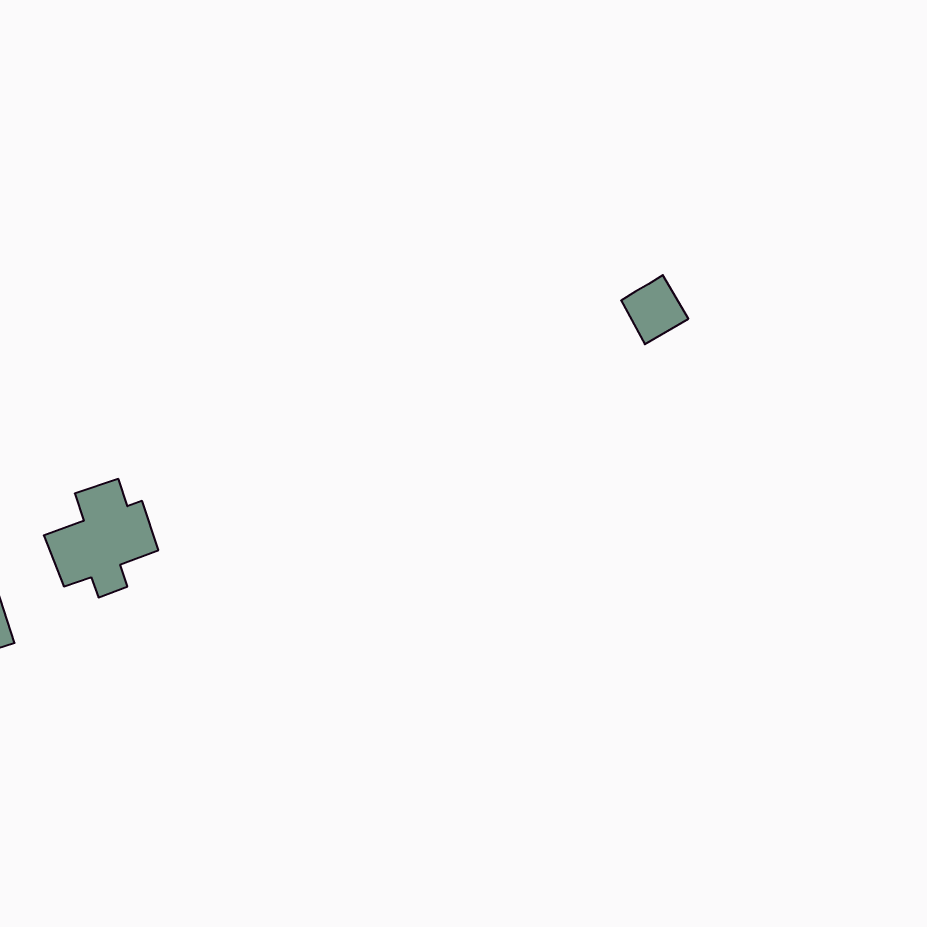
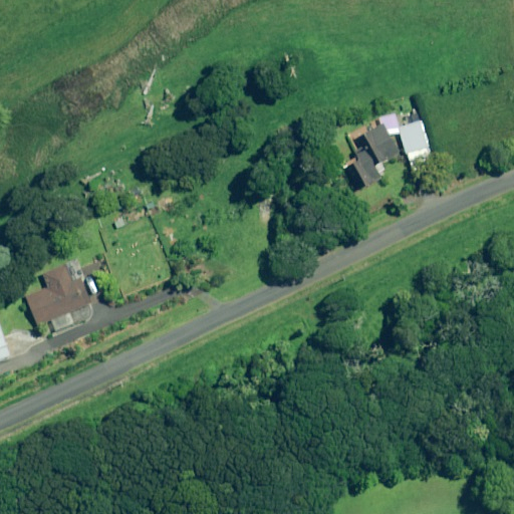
building: none -> [398,119,430,157]
building: none -> [362,122,397,162]

